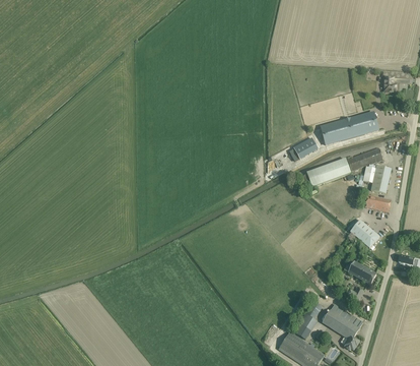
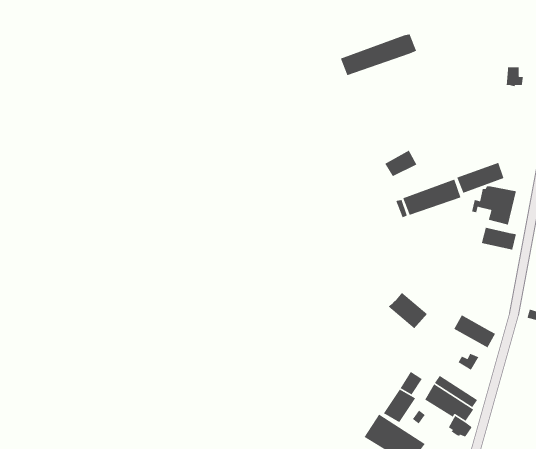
building: [321,112,377,143] -> [340,33,417,76]
building: [348,220,377,247] -> [388,292,428,329]

